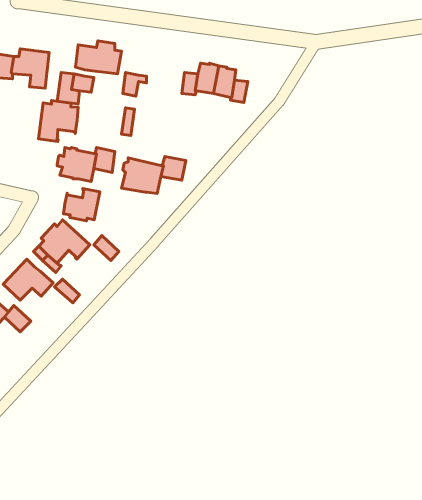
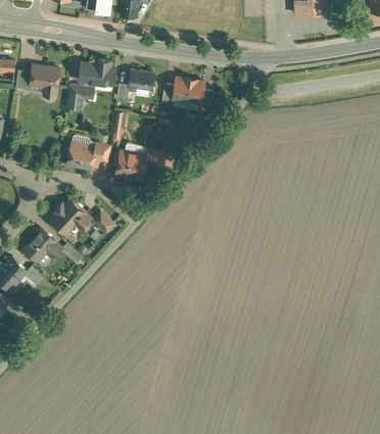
building: none -> [129,69,154,90]
building: [38,101,78,141] -> none
building: [64,189,100,221] -> none

